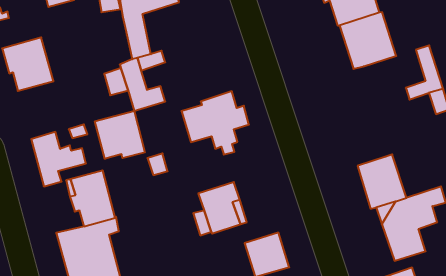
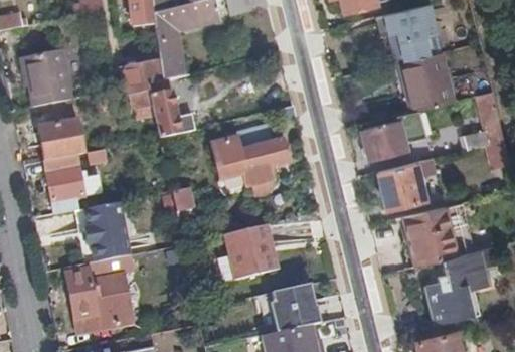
building: none -> [122,53,163,96]
building: none -> [361,107,424,157]
building: none -> [38,119,84,161]
building: none -> [372,155,436,210]
building: [95,111,145,159] -> none

